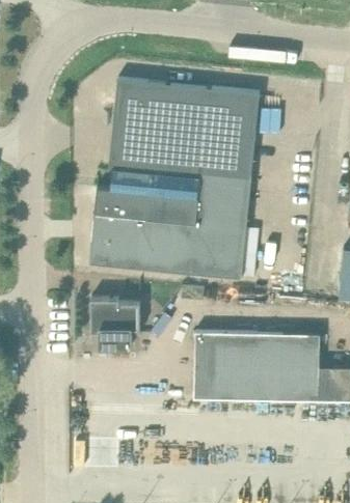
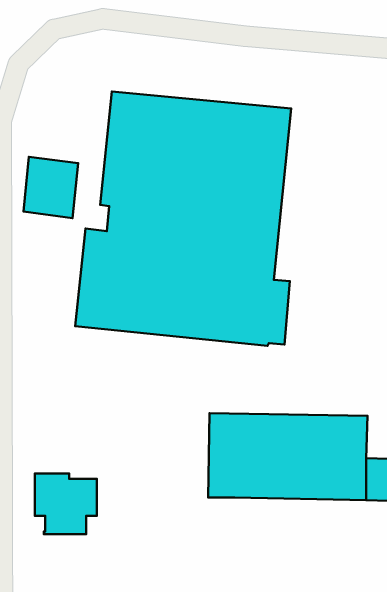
building: none -> [23,157,78,218]
building: [91,300,140,347] -> [35,474,97,534]

